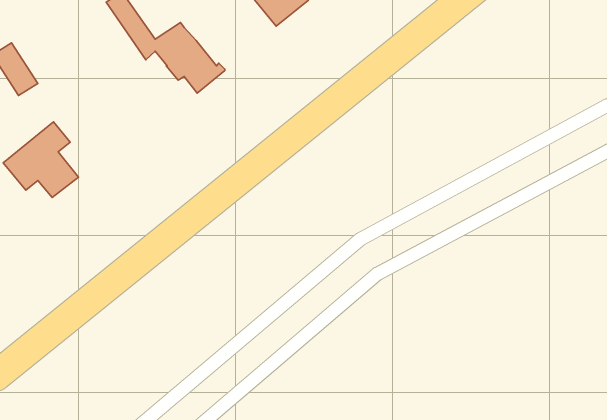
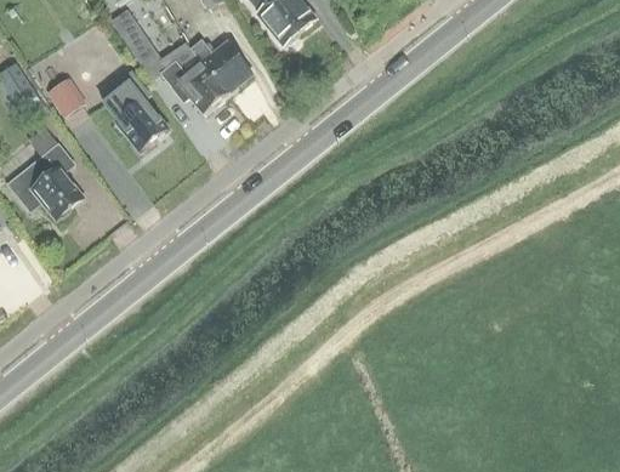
building: none -> [189,36,252,87]
building: none -> [104,69,167,150]
building: none -> [46,76,85,116]

